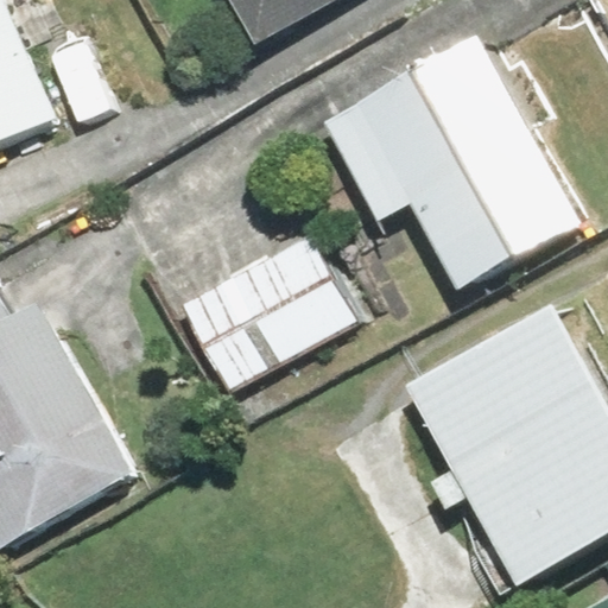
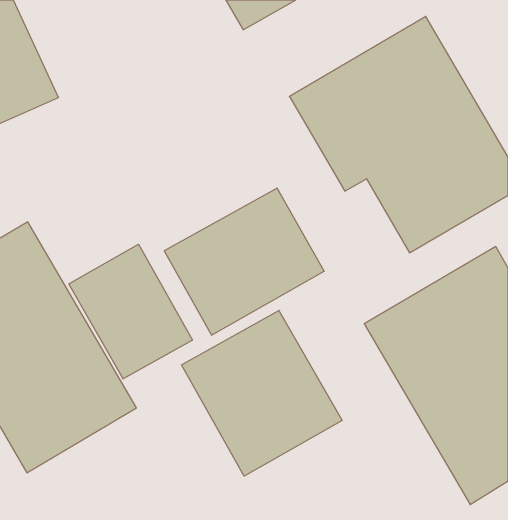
building: none -> [69,244,192,379]
building: none -> [182,310,342,476]

